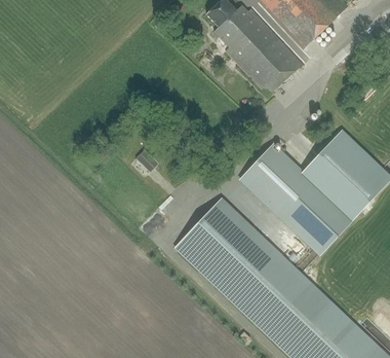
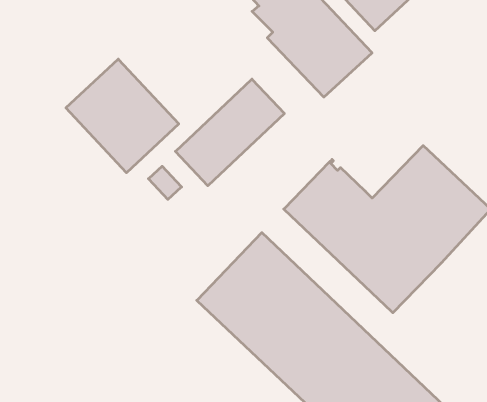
building: none -> [66,59,179,173]
building: none -> [175,79,284,186]

